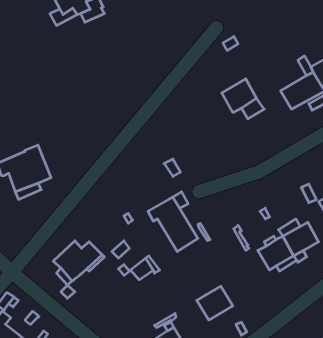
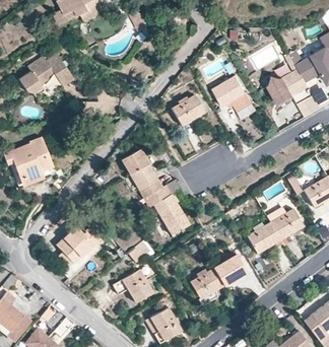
building: none -> [19,53,74,95]
building: none -> [172,93,205,126]
building: none -> [122,148,163,198]
building: none -> [212,254,247,286]
building: none -> [122,269,153,302]

